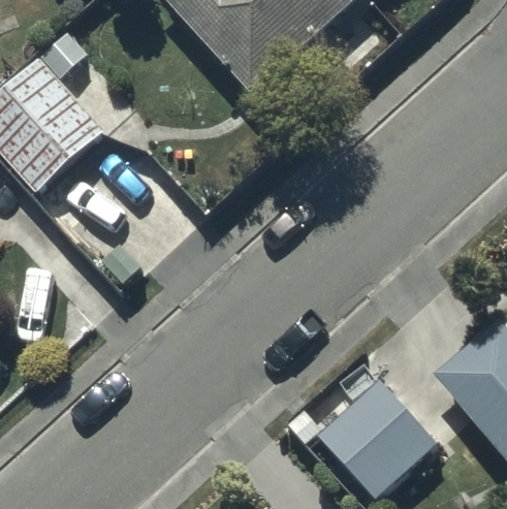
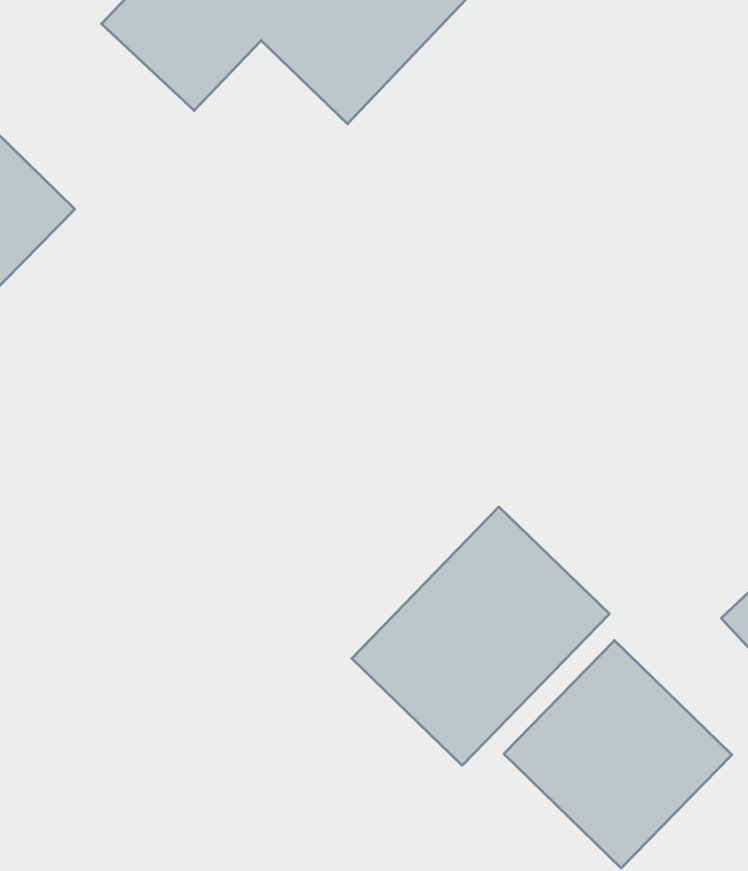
building: none -> [352,507,609,765]

